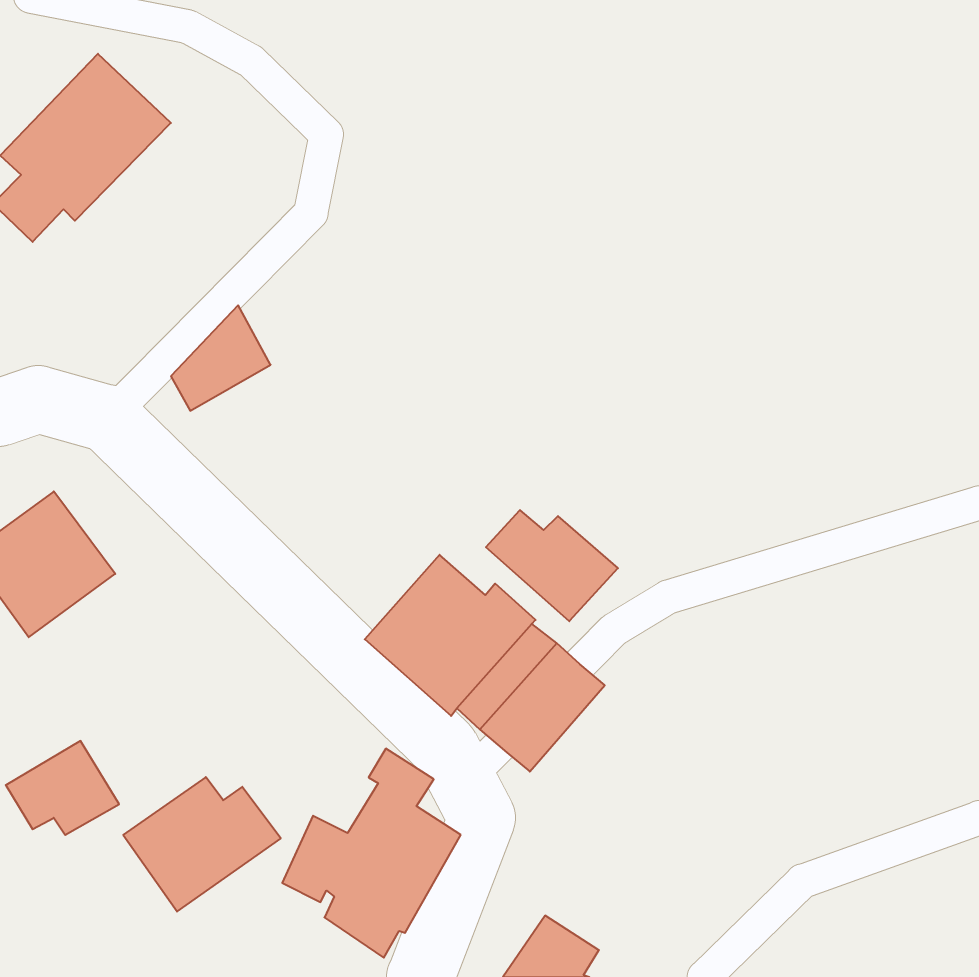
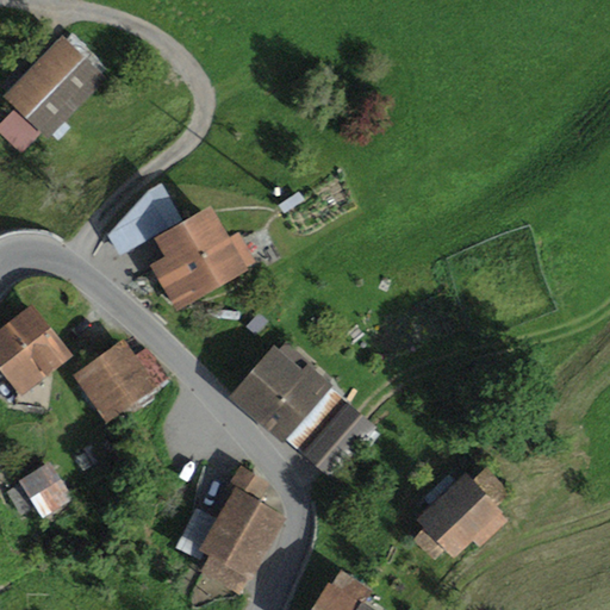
building: none -> [150,206,255,311]
building: [486,510,618,621] -> none
building: none -> [411,467,509,560]
building: [123,777,281,912] -> [73,340,170,423]

